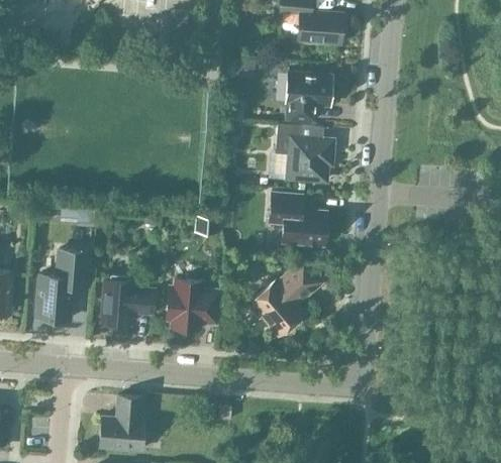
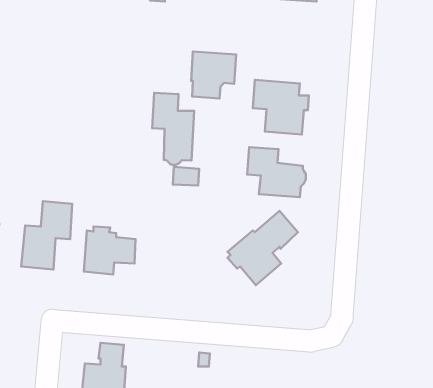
building: [286,74,332,122] -> [191,51,236,98]
building: none -> [152,93,194,165]
building: [166,280,219,335] -> none

